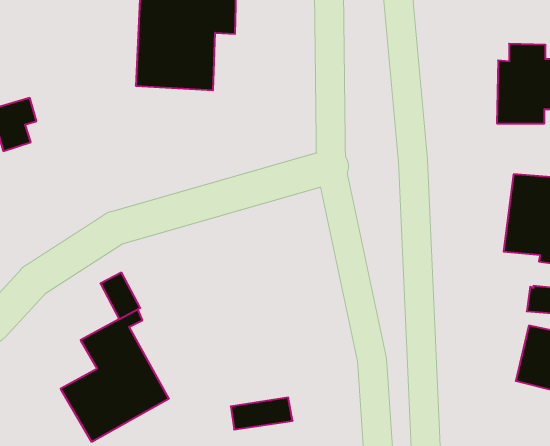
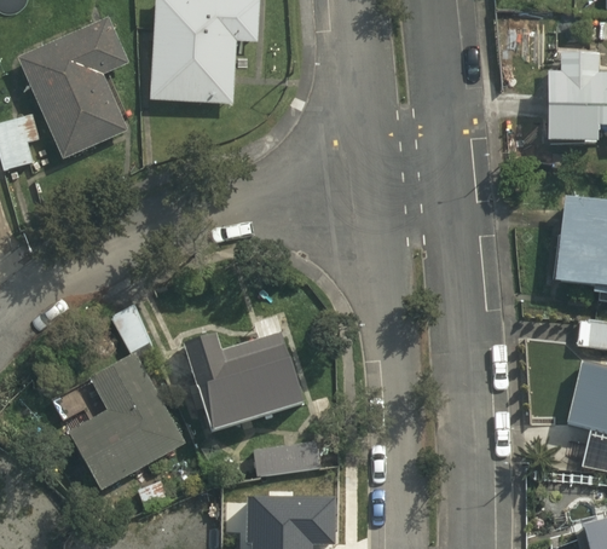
building: none -> [17,16,131,158]
building: none -> [183,330,304,433]

